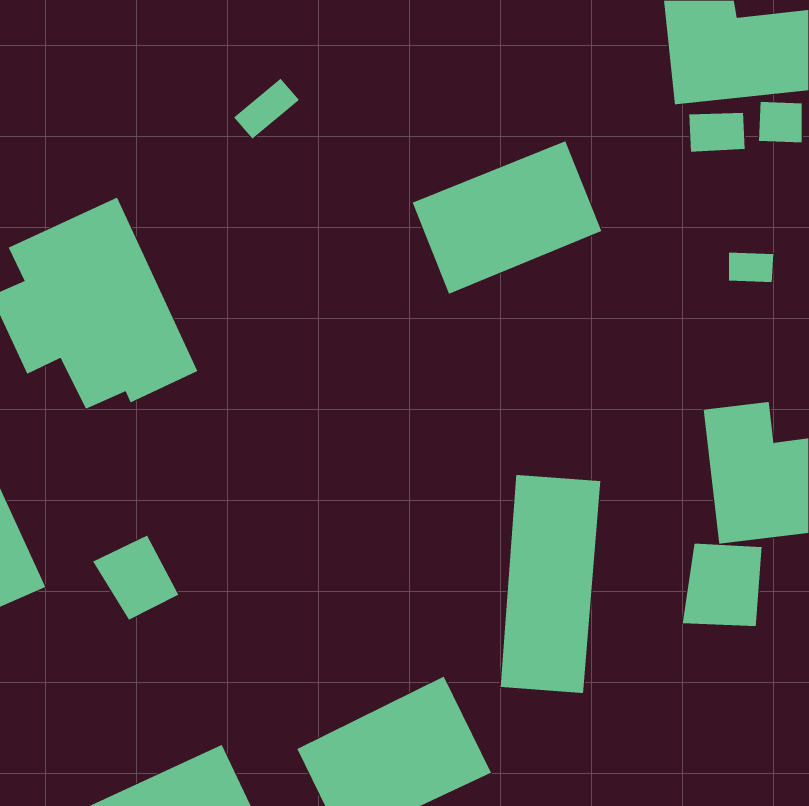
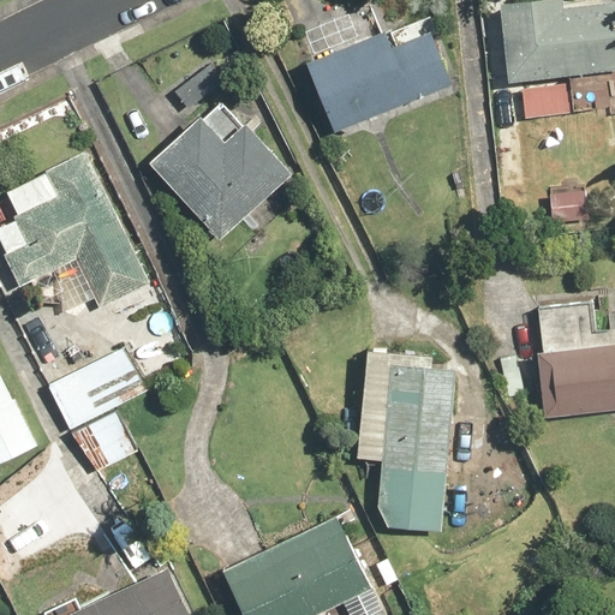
building: [412,141,602,295] -> [306,17,450,133]
building: none -> [148,114,292,239]
building: none -> [47,346,147,429]
building: [682,543,762,627] -> none

